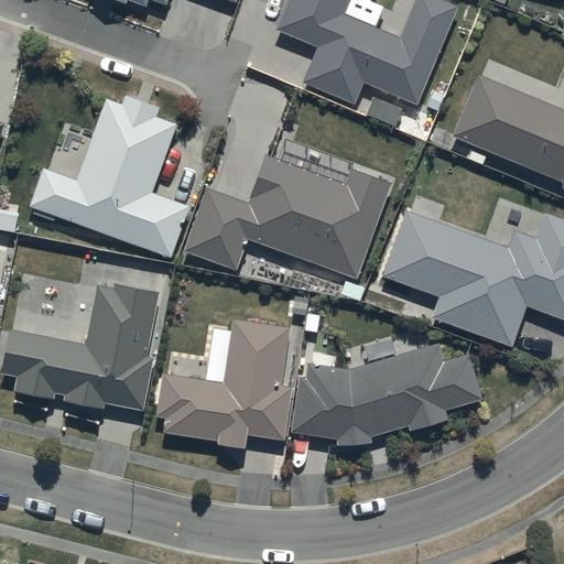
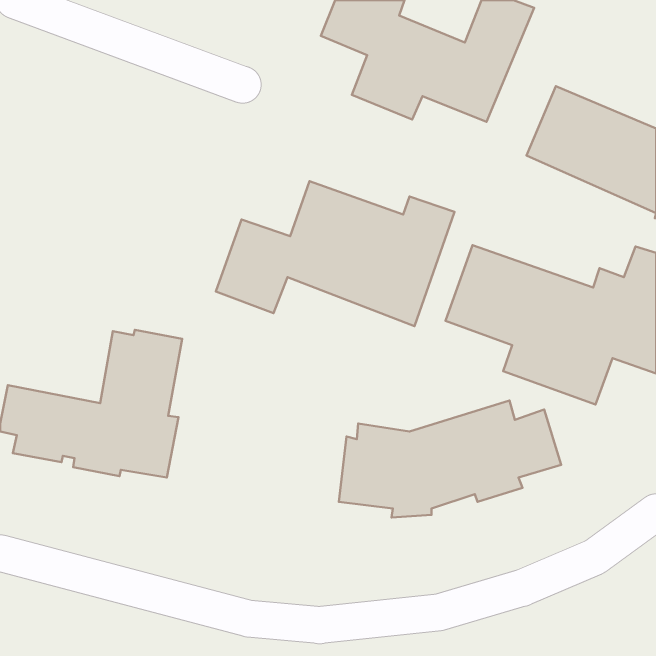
building: [28,95,188,258] -> none
building: [154,318,293,446] -> none

